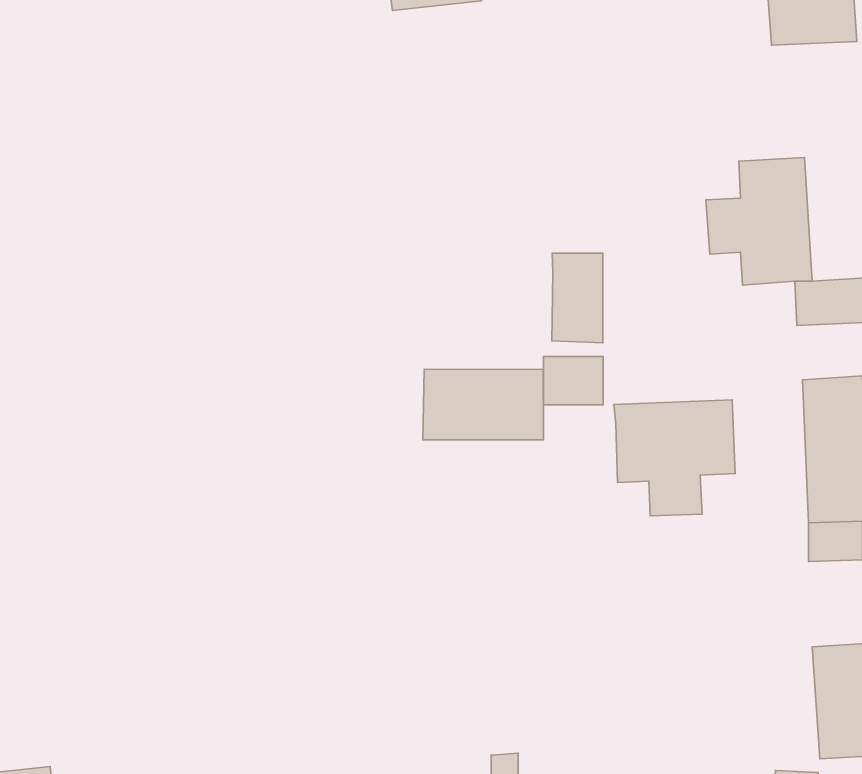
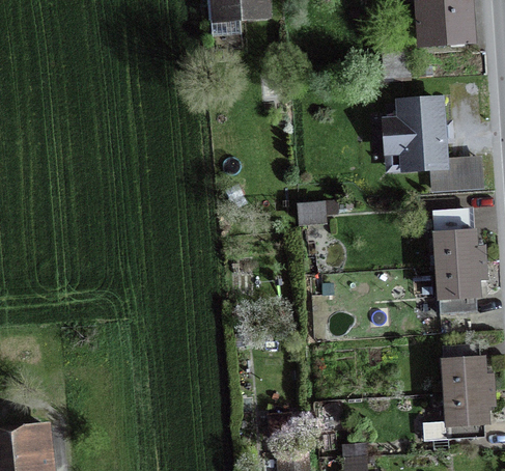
building: [552,253,603,343] -> none
building: [423,369,544,440] -> none
building: [614,400,735,516] -> none

